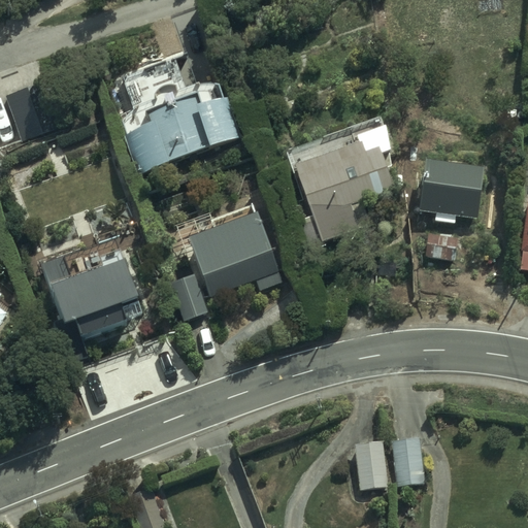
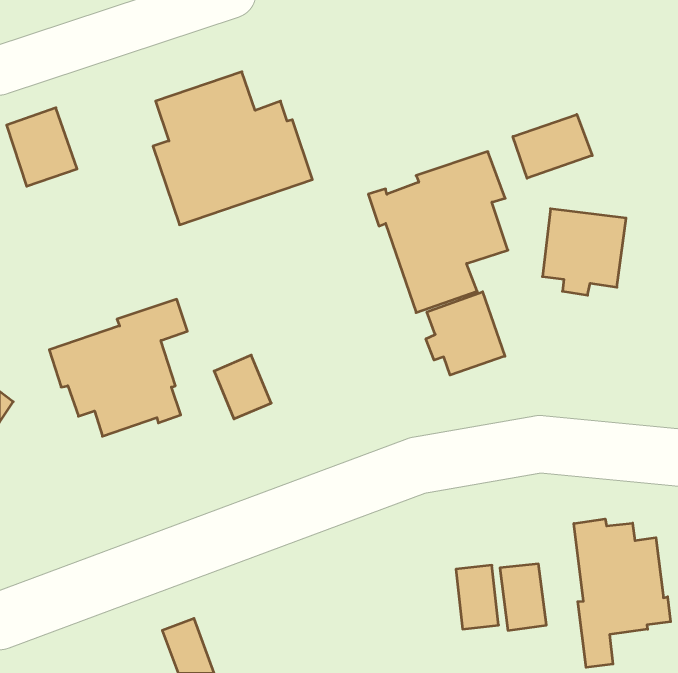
building: none -> [513,114,592,178]
building: [185,207,282,295] -> none
building: none -> [426,292,505,375]
building: none -> [574,519,671,667]

